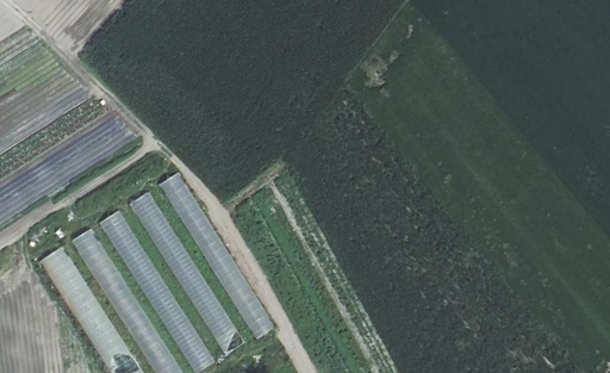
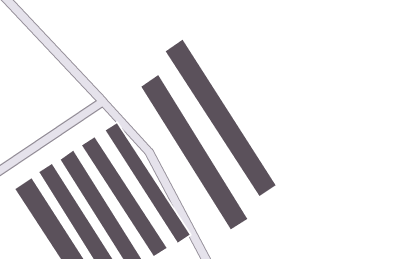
building: none -> [165,39,277,197]
building: none -> [140,74,249,231]

